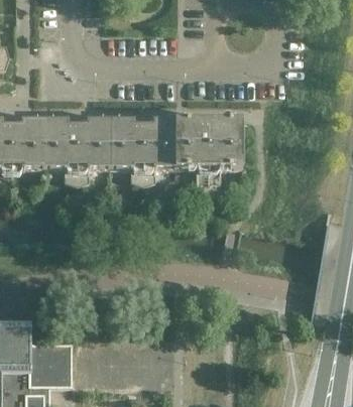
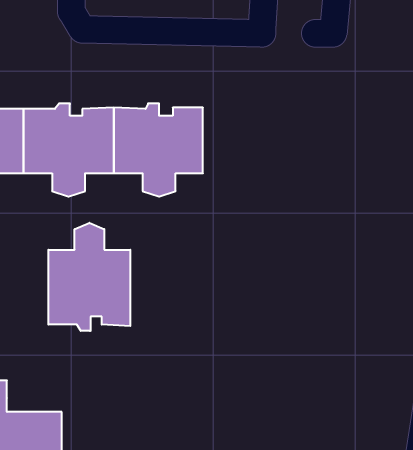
building: [173,114,240,195] -> none
building: none -> [48,223,130,331]

